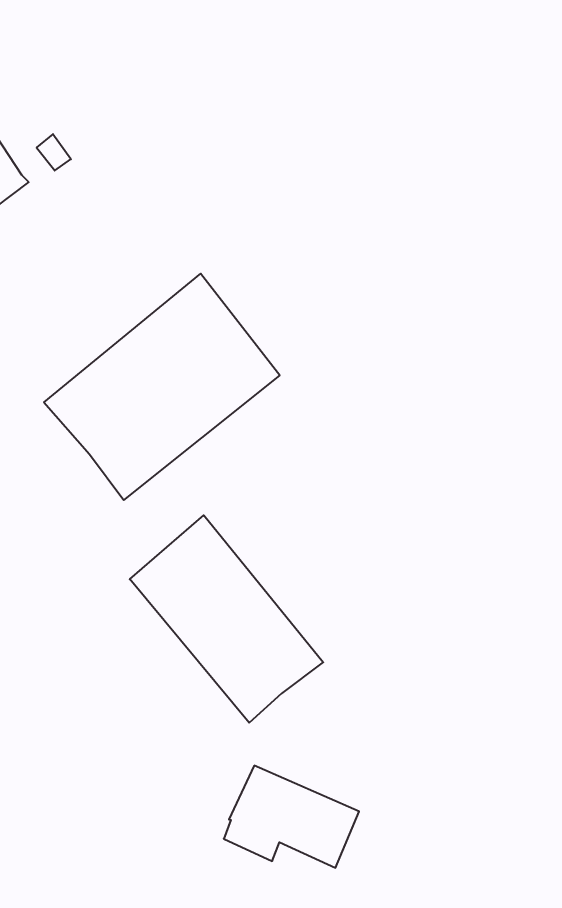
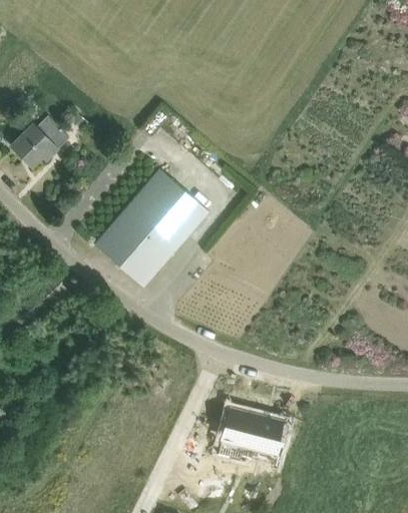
building: [130,515,323,723] -> none

